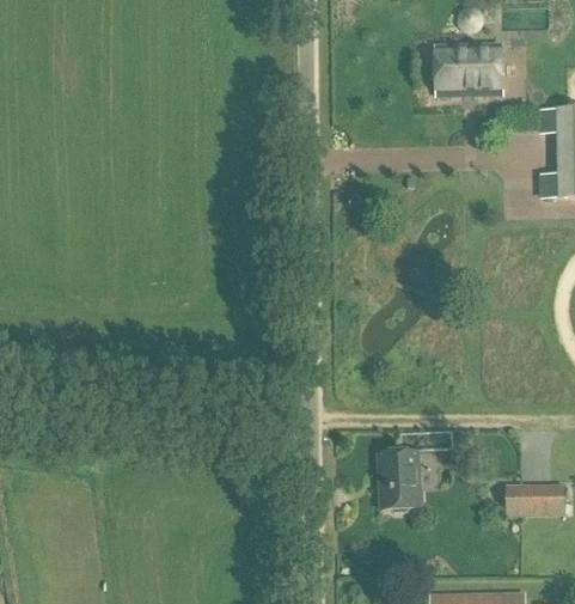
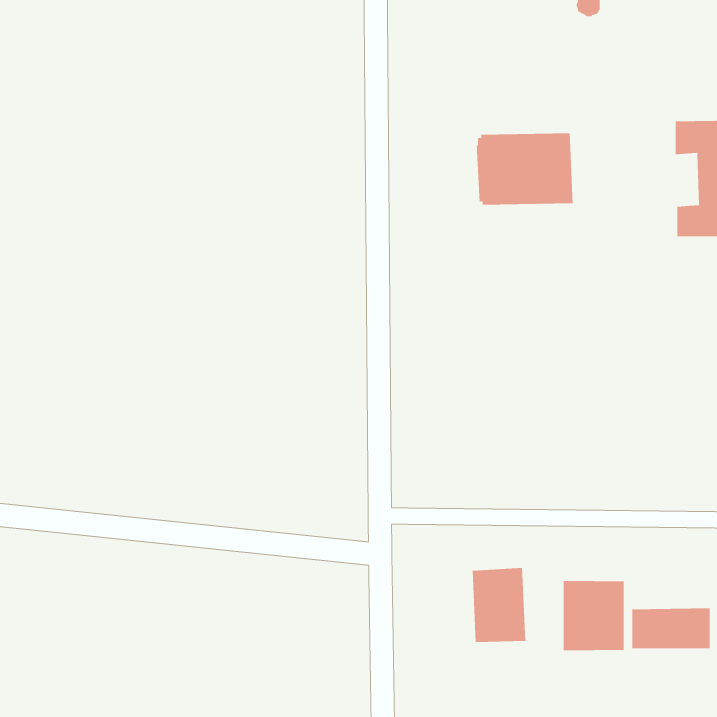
building: [432,41,507,97] -> [476,133,573,205]
building: none -> [563,580,625,651]

